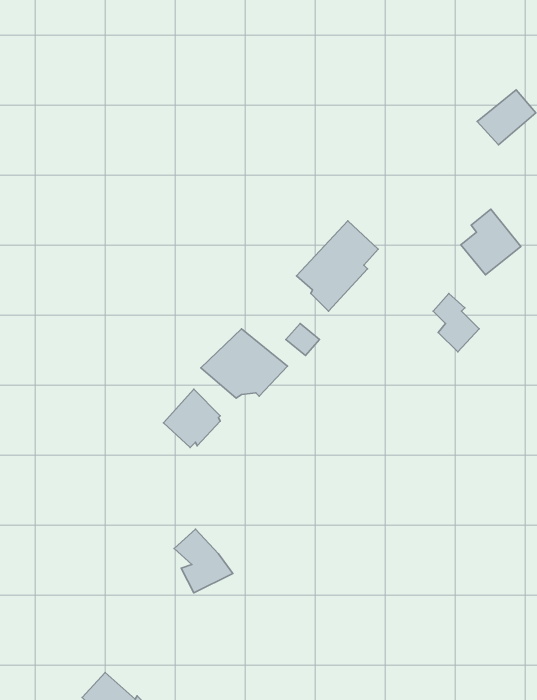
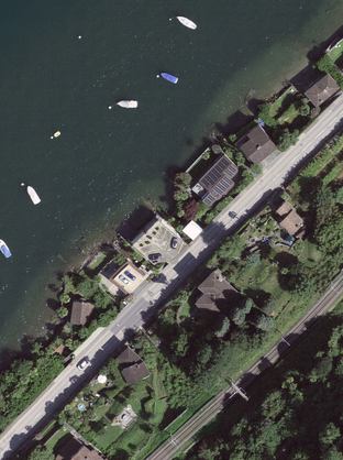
building: [461,209,521,275] -> [239,124,276,165]
building: none -> [192,270,241,324]
building: none -> [69,300,91,325]

